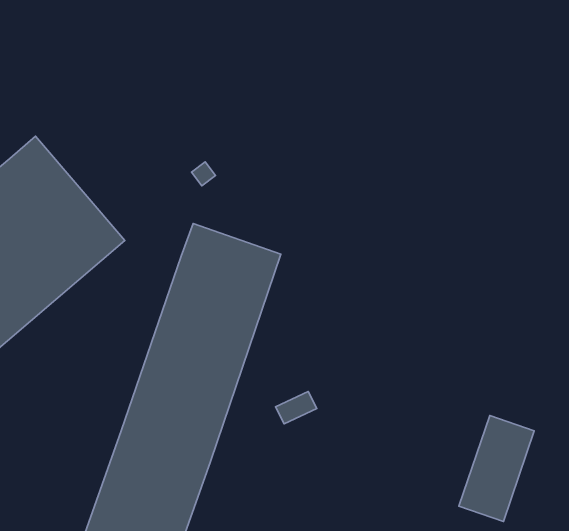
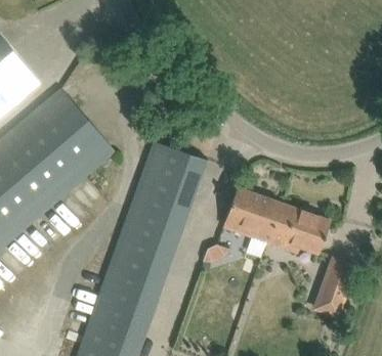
building: none -> [223,187,331,254]

